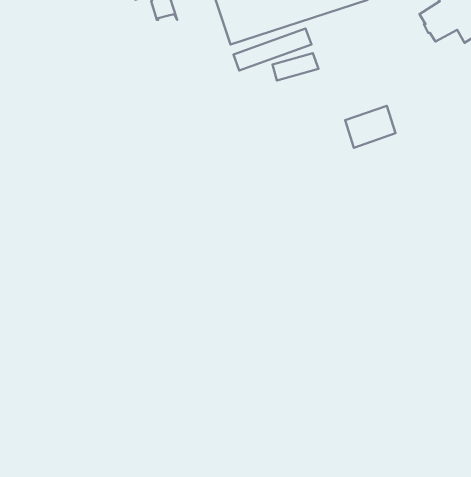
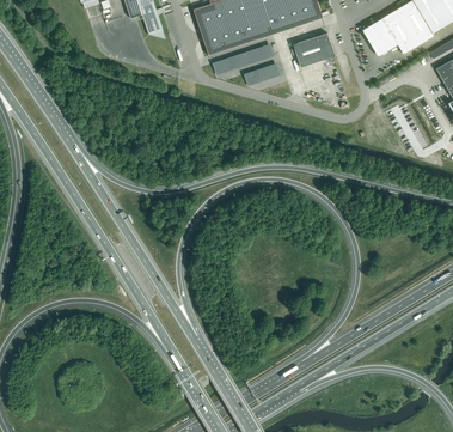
building: [345,106,396,148] -> [292,32,333,67]

